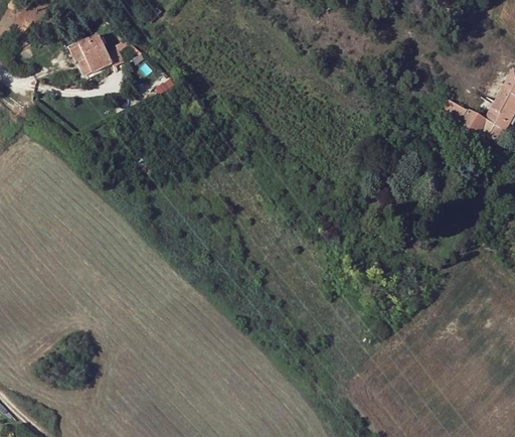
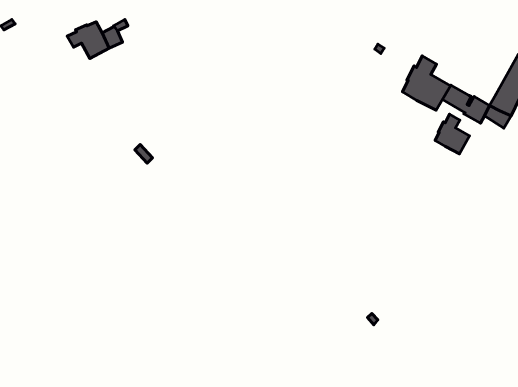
building: none -> [403,56,450,110]
building: none -> [435,114,470,154]

